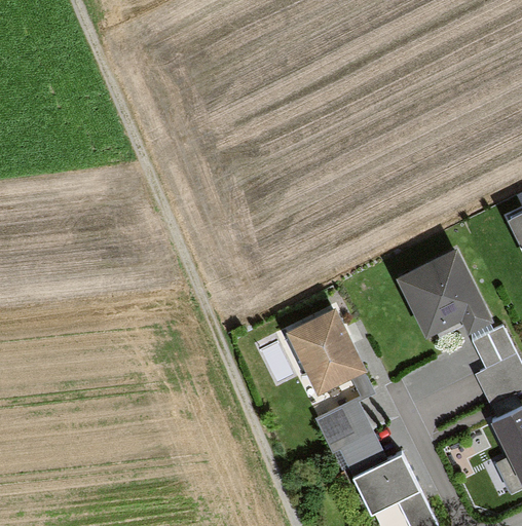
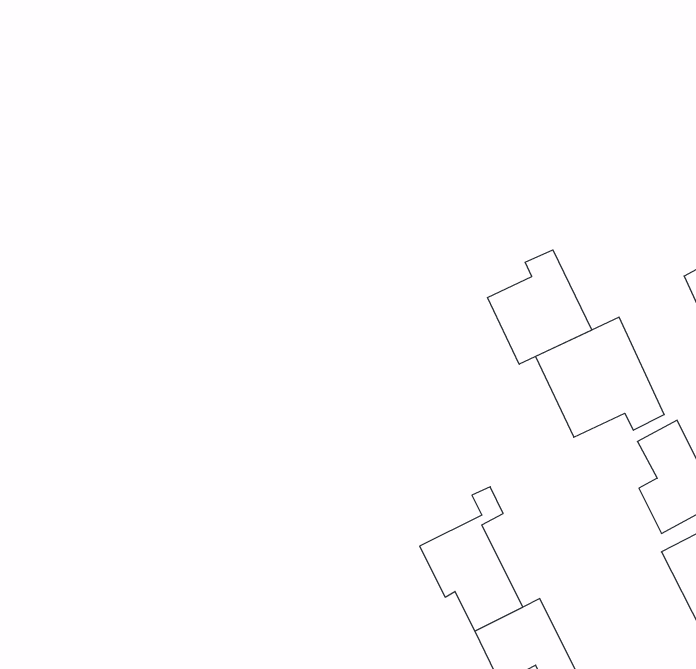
building: none -> [488,250,592,364]
building: [287,307,367,397] -> none

